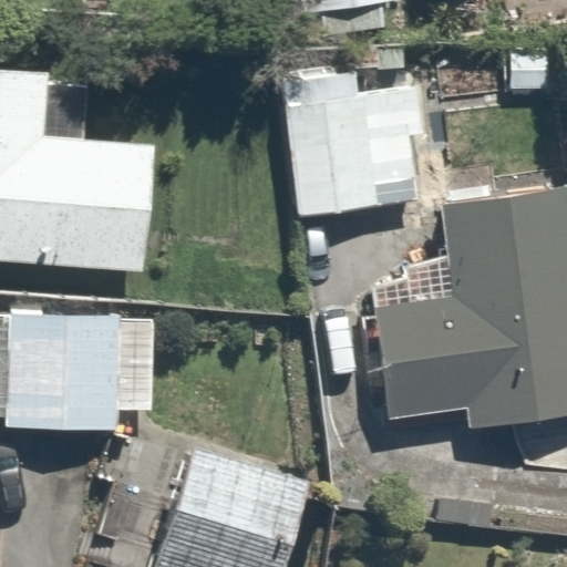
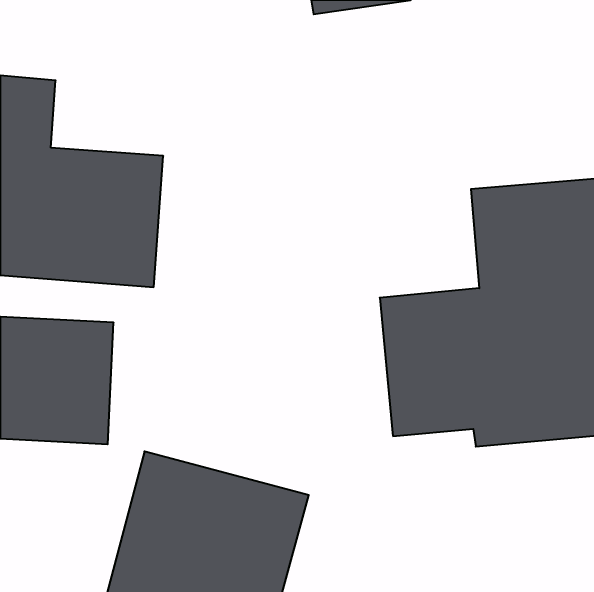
building: [277,68,425,214] -> none

